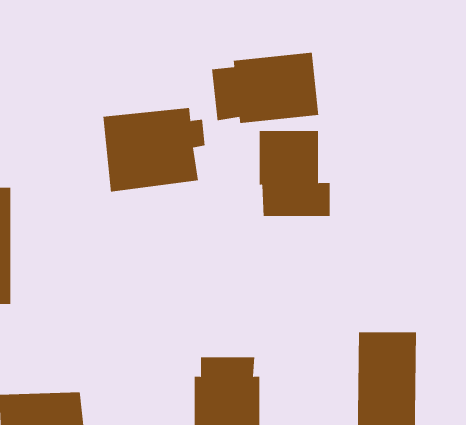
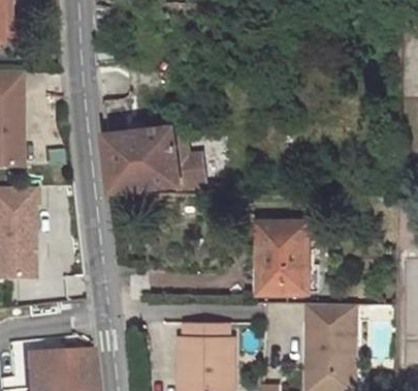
building: [212,52,319,124] -> none
building: [259,130,331,216] -> [260,222,317,291]

